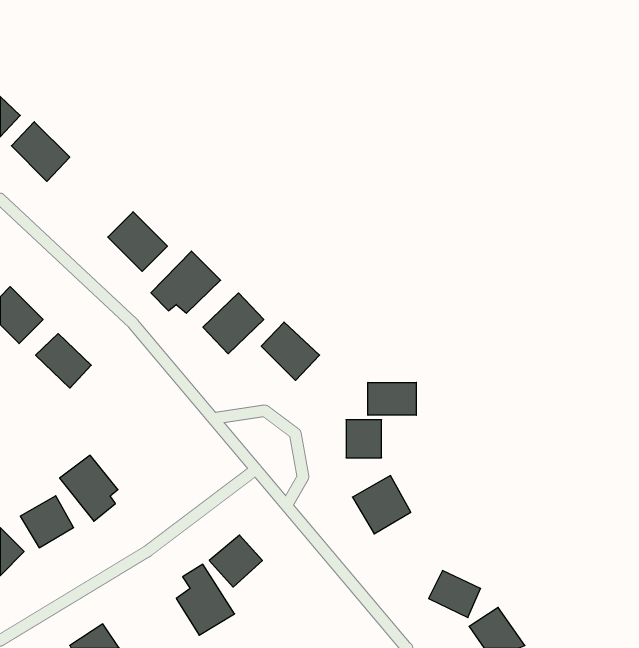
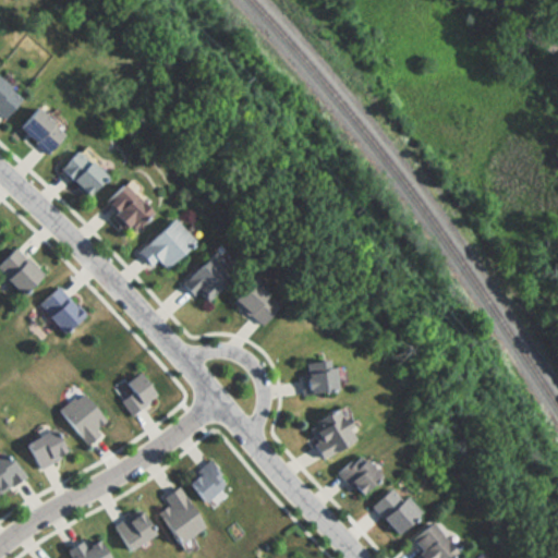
building: none -> [57,147,108,198]
building: [368,382,416,415] -> none
building: none -> [114,369,159,414]
building: none -> [342,454,384,496]
building: none -> [112,508,158,551]

